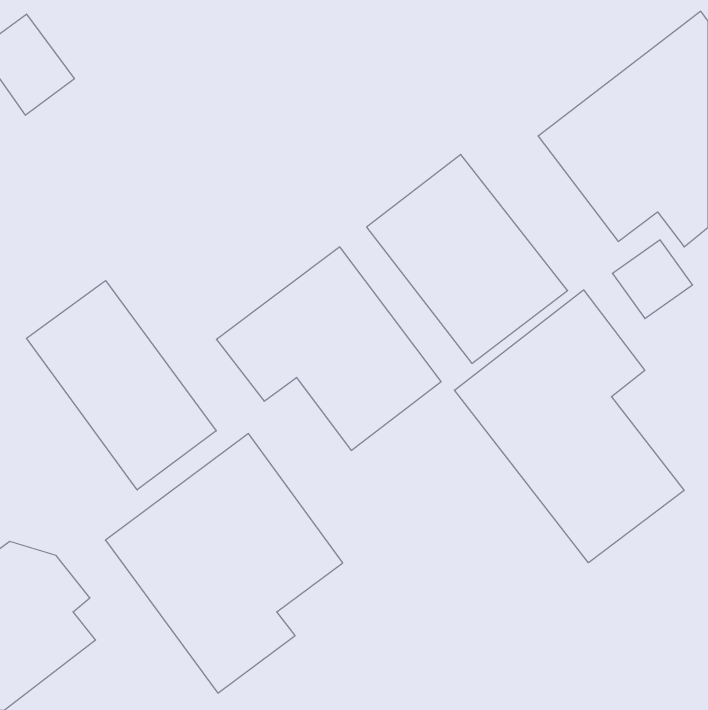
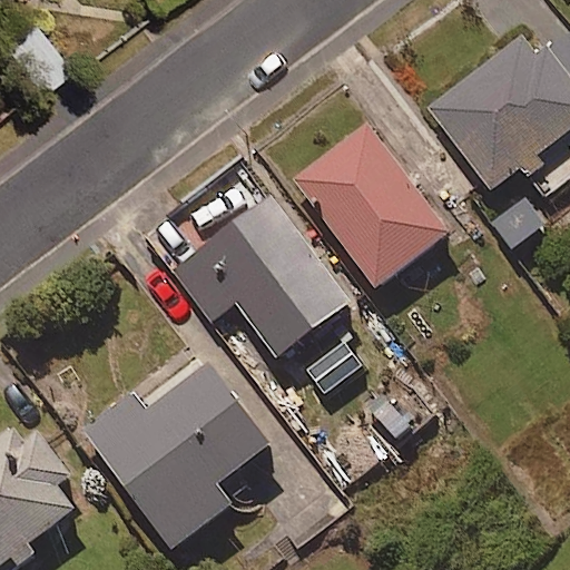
building: [27,281,216,490] -> none
building: [454,290,684,563] -> none

